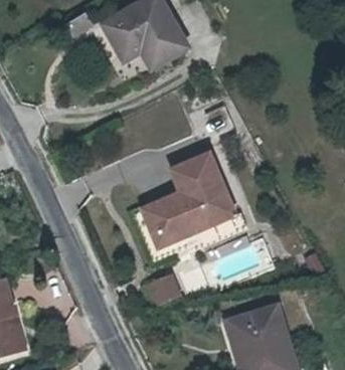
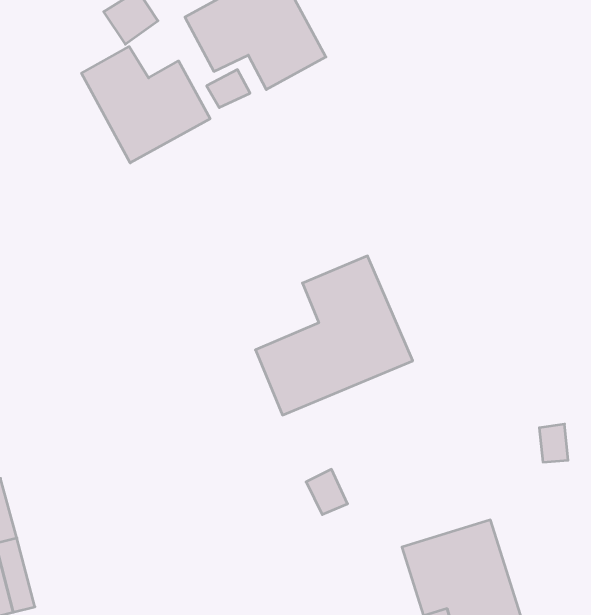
building: none -> [82,47,210,163]

